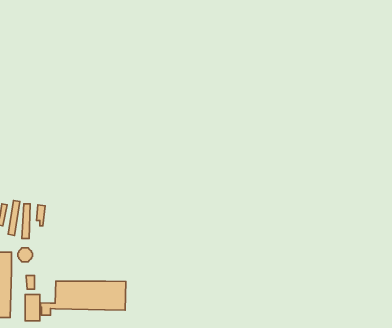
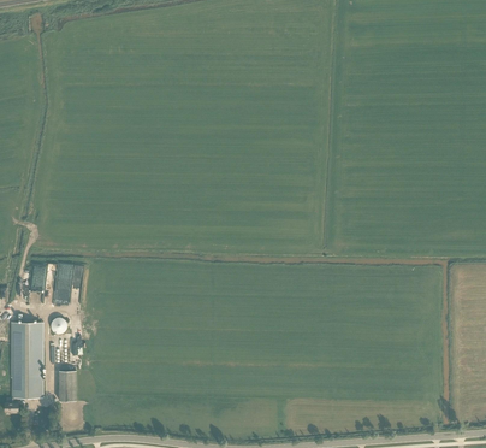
building: [40,281,126,315] -> none

